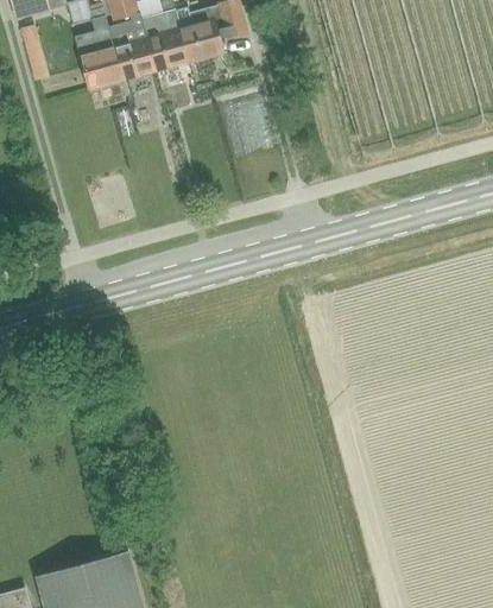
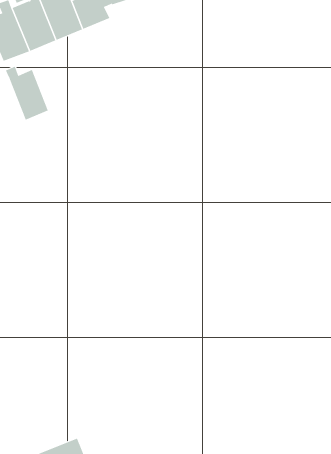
building: none -> [5,66,48,121]

